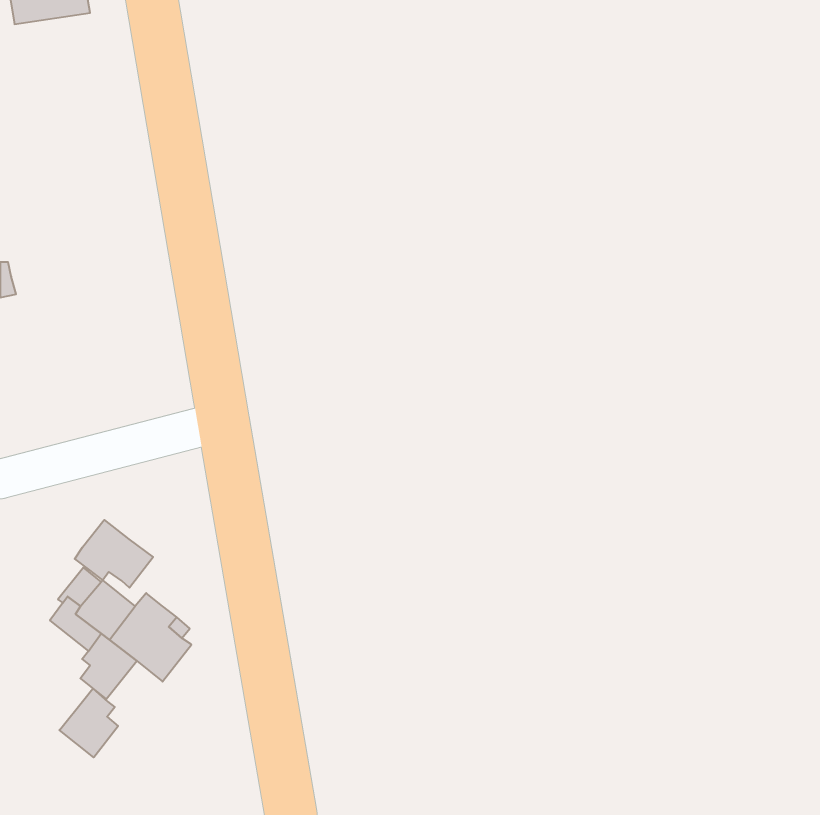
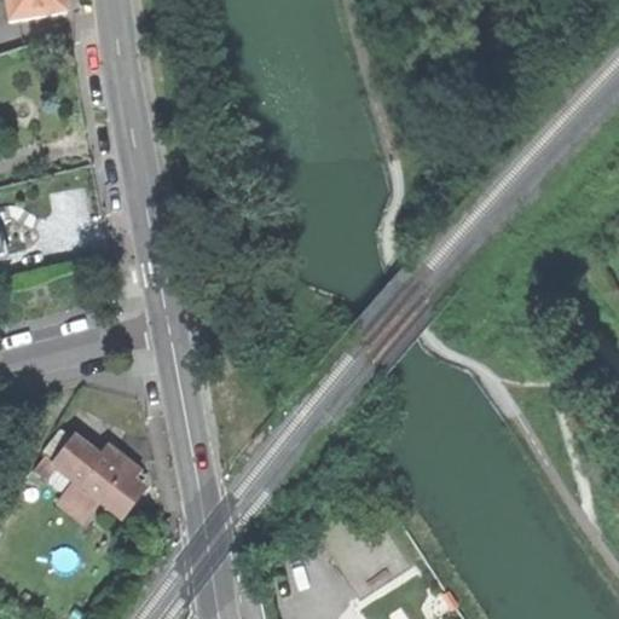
building: [75,520,153,588] -> none
building: [59,689,118,757] -> none

